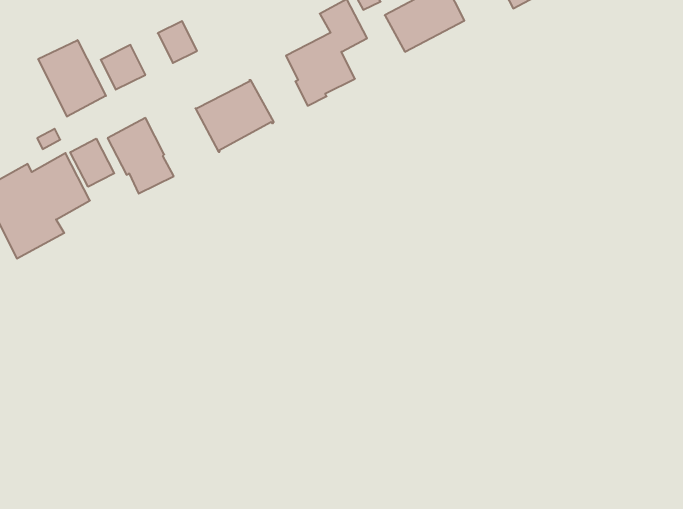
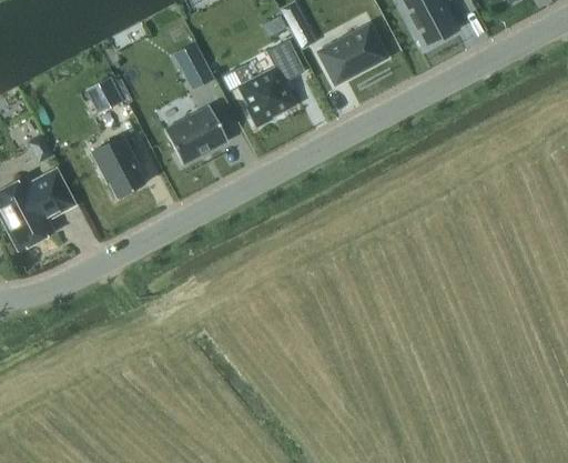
building: [158,21,197,63] -> [181,53,213,88]
building: [38,40,106,117] -> none
building: [70,139,114,187] -> none

